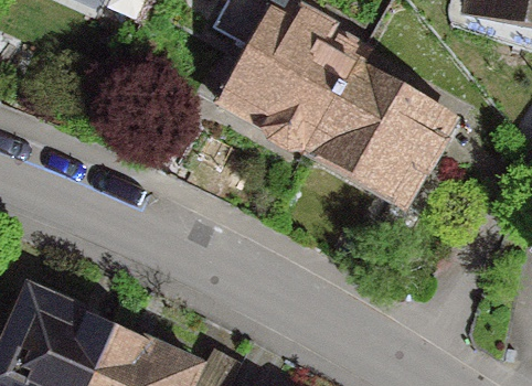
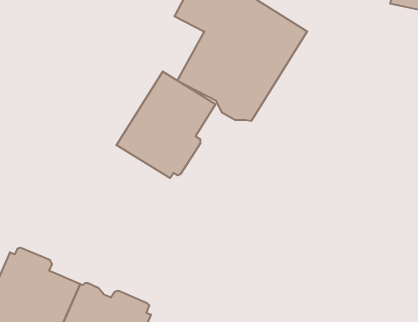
building: [304,44,460,201] -> none
building: none -> [116,71,215,178]

